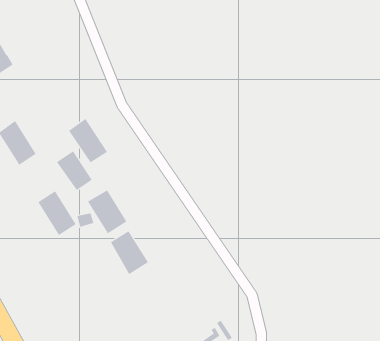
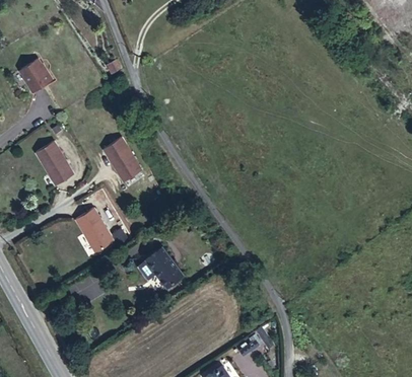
building: [56,151,93,191] -> none
building: [87,189,127,234] -> none

